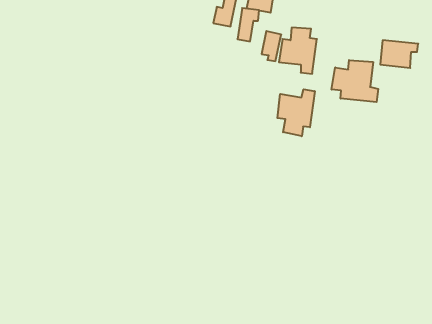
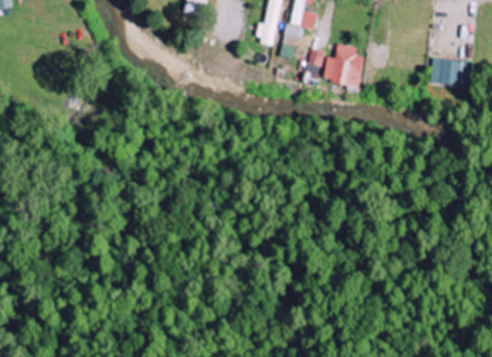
building: [332,60,378,102] -> none
building: [277,89,315,136] -> none

